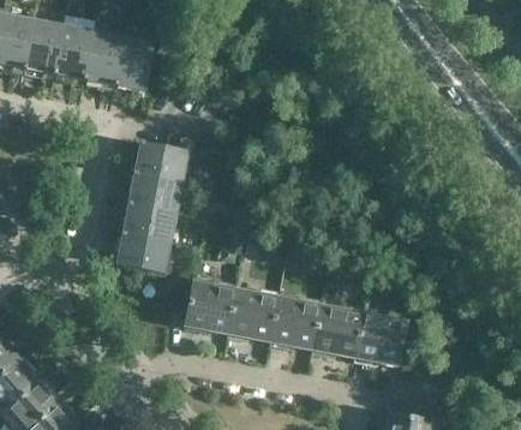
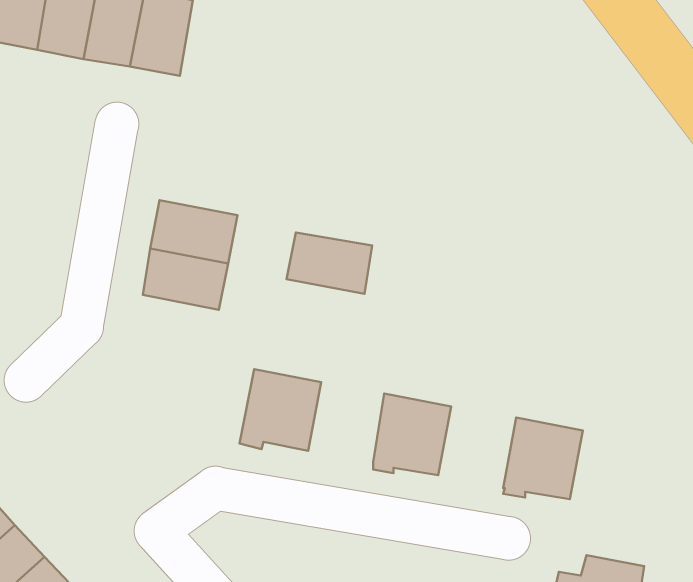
building: [132,141,187,180] -> [287,233,372,294]
building: [115,232,170,273] -> none
building: [227,288,277,340] -> none
building: [312,304,363,357] -> none

